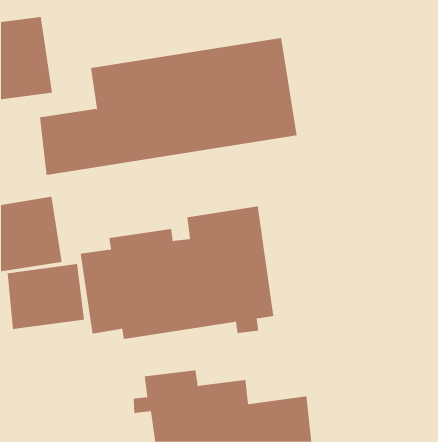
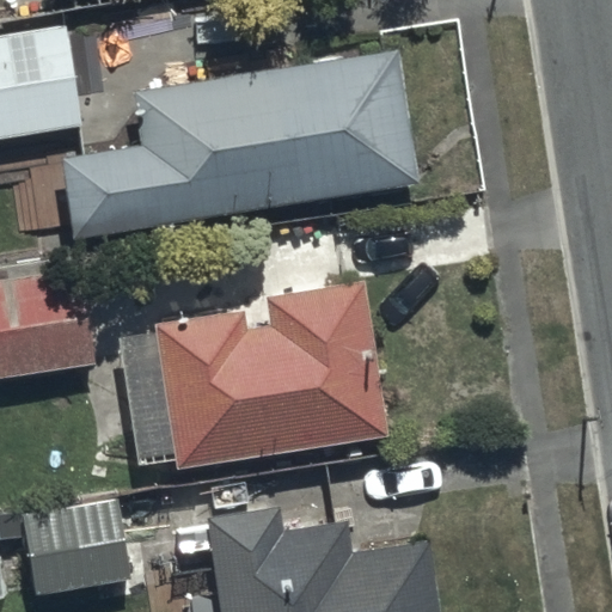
building: [7,263,85,329] -> [20,500,128,590]

